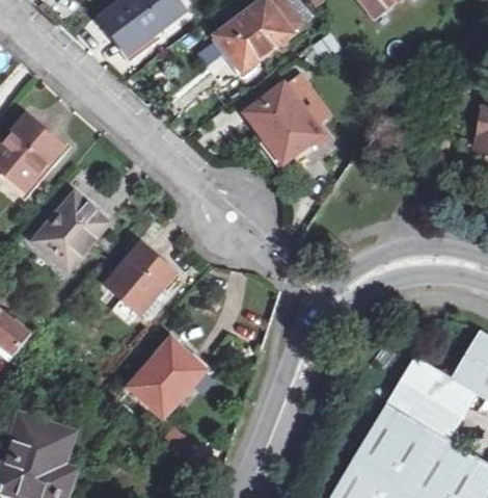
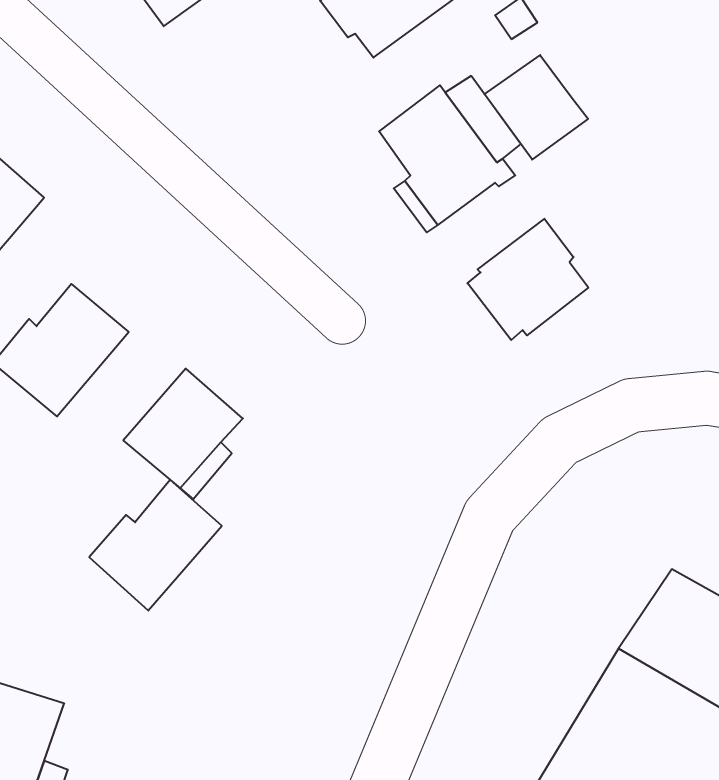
building: none -> [484,55,588,160]
building: none -> [467,219,588,340]
building: [129,343,204,417] -> [89,480,222,611]

